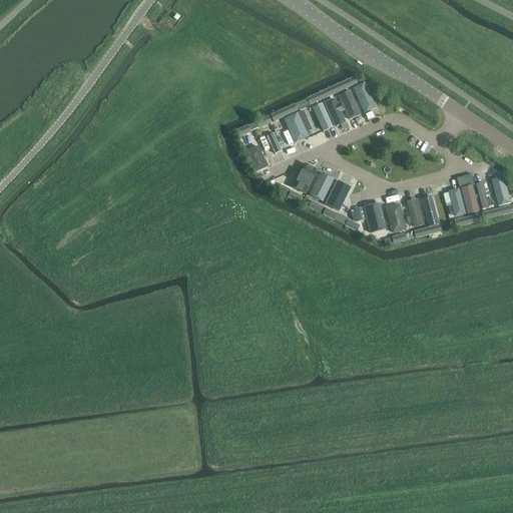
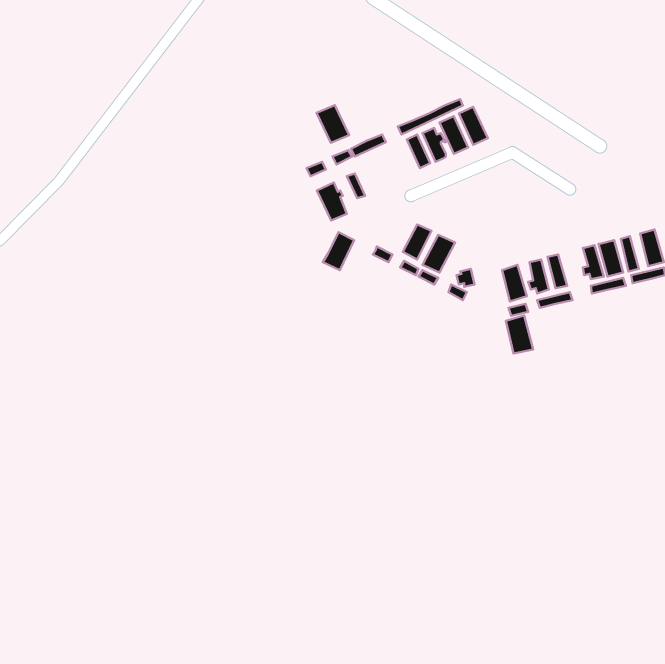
building: [284,112,309,141] -> [316,105,349,143]
building: [292,163,316,192] -> [323,232,354,270]
building: [364,202,385,231] -> [506,316,533,353]

